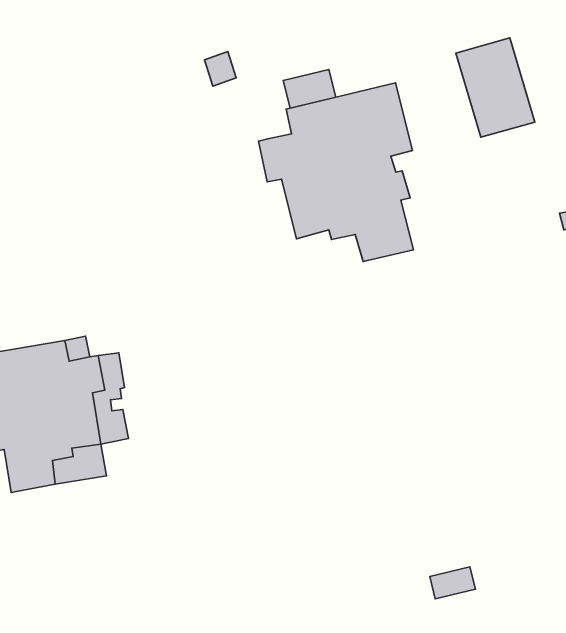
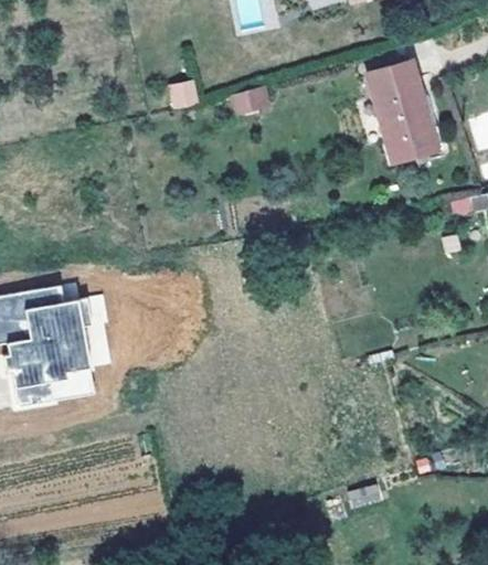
building: [258,83,413,261] -> none
building: none -> [389,125,445,161]

